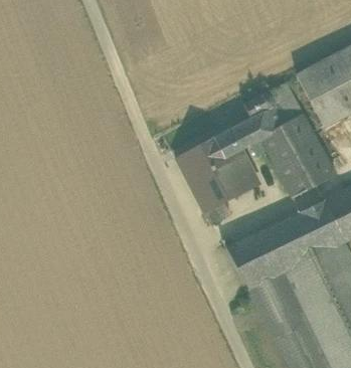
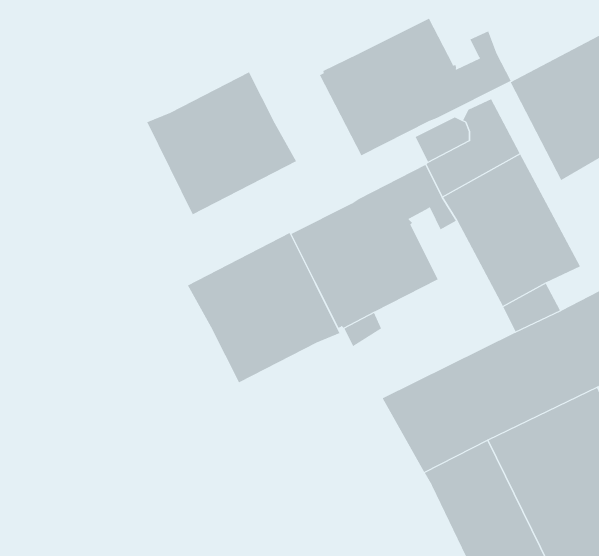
building: none -> [319,18,512,156]
building: none -> [146,71,297,215]
building: none -> [187,232,340,383]

